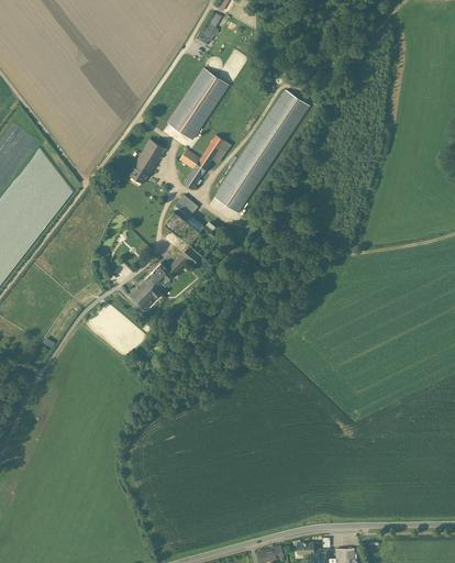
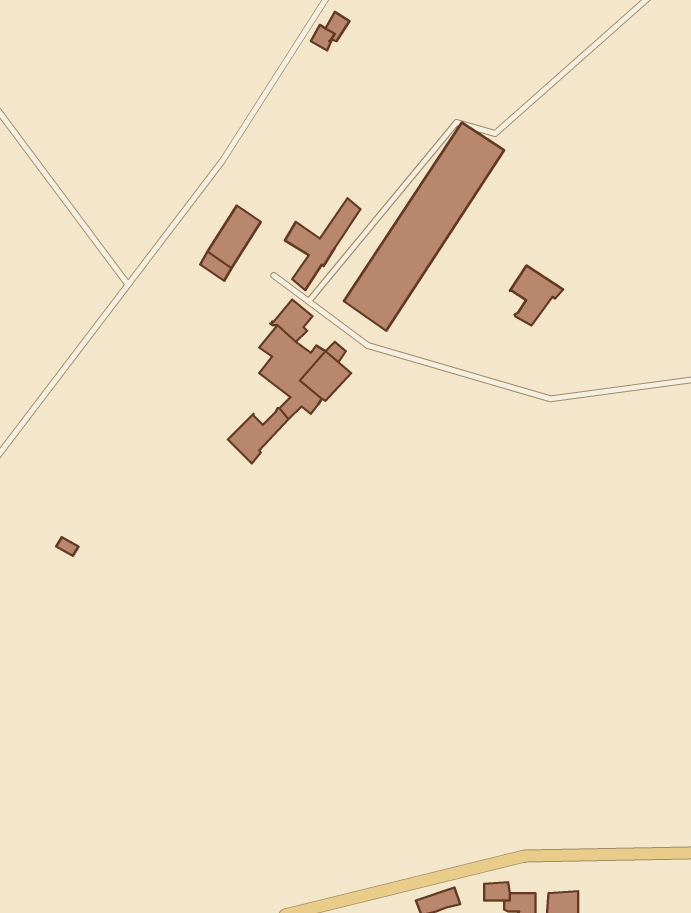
building: [168,68,228,140] -> none
building: none -> [510,266,563,326]
building: [130,278,160,309] -> none

